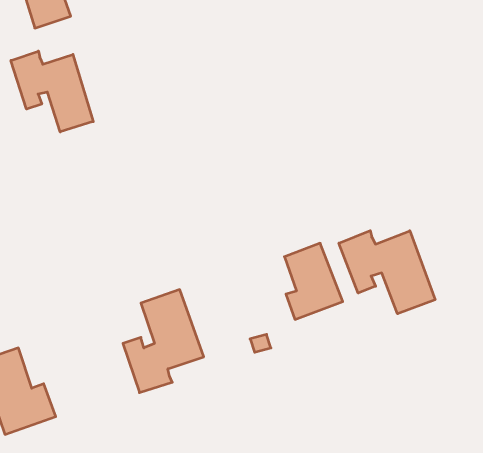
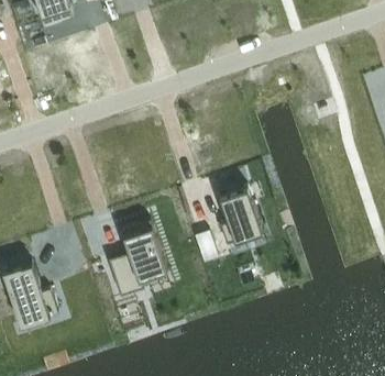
building: [11,51,93,132] -> none
building: [339,231,435,314] -> none

